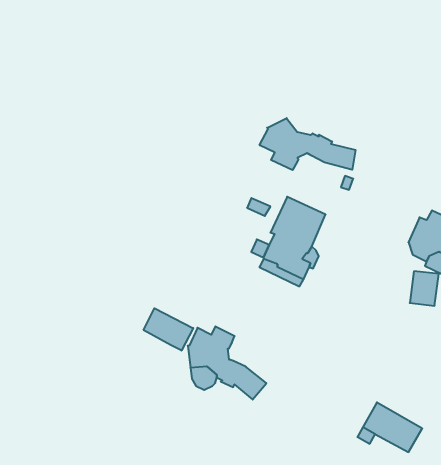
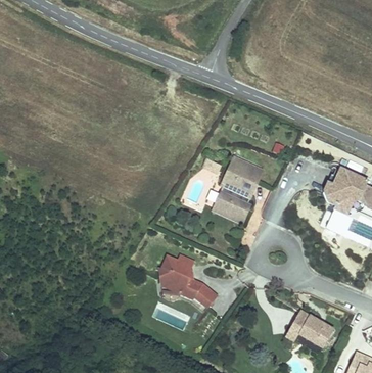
building: [260,118,356,170] -> none
building: [144,308,193,351] -> none

